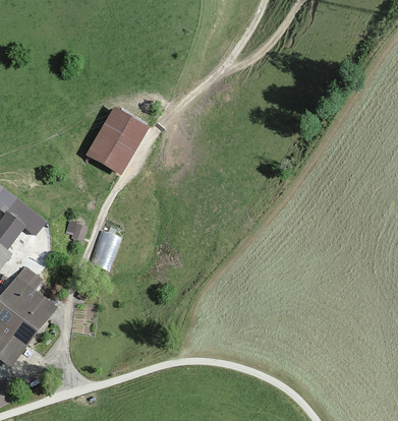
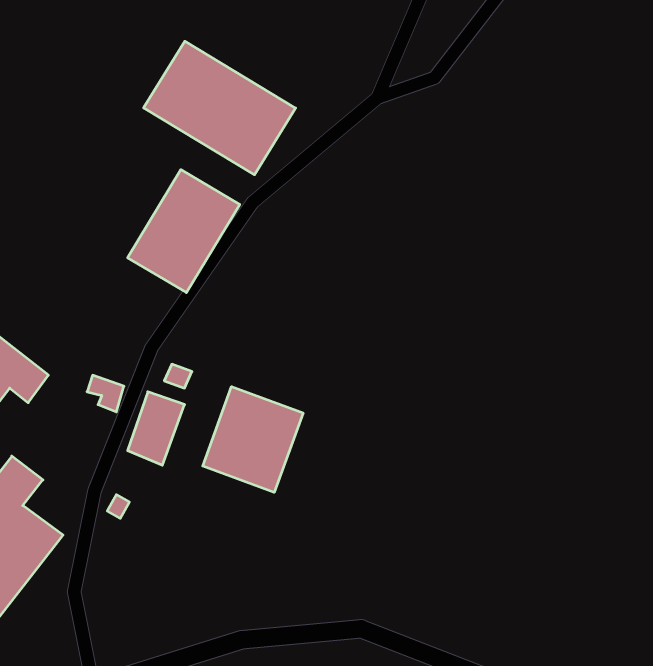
building: none -> [144,41,296,175]
building: none -> [203,387,303,492]

